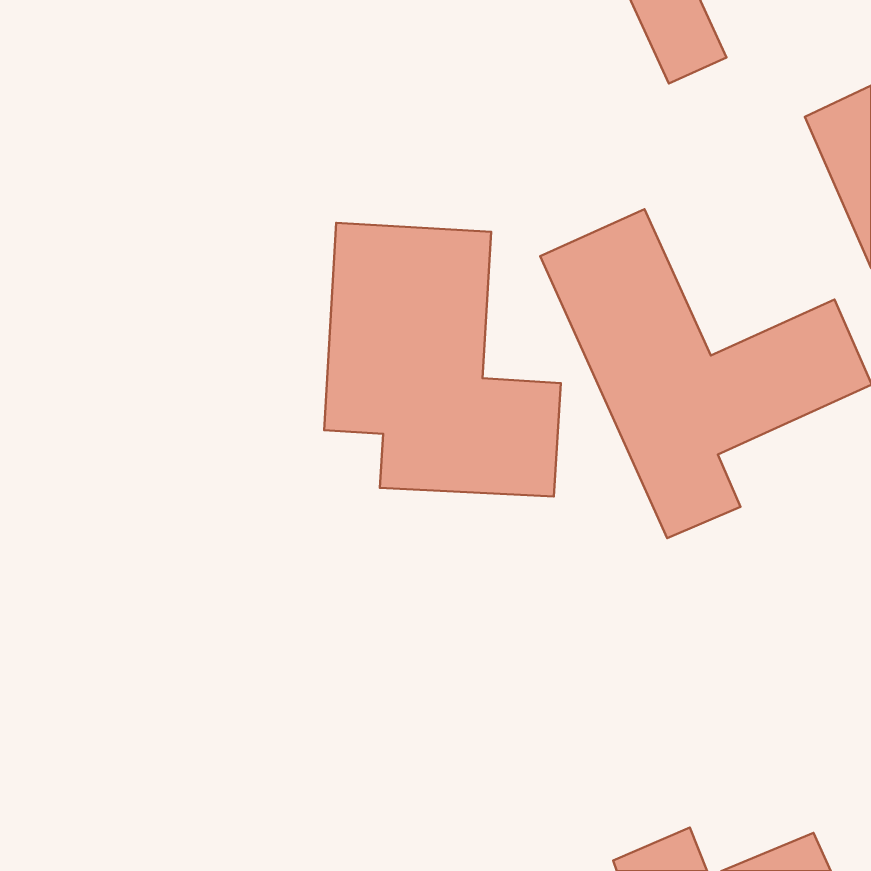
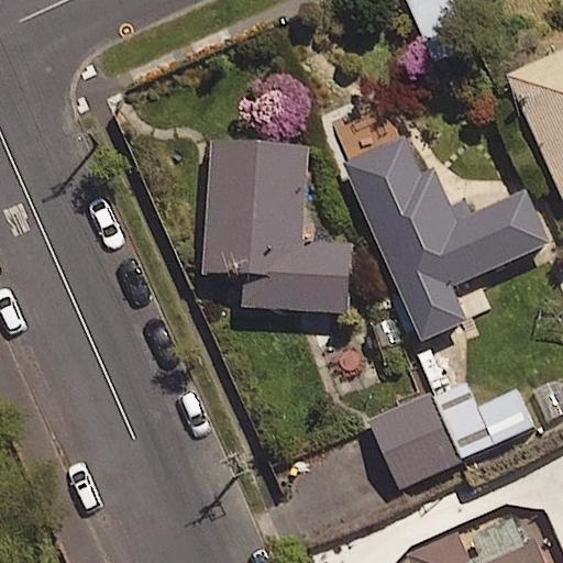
building: none -> [365,389,461,488]

